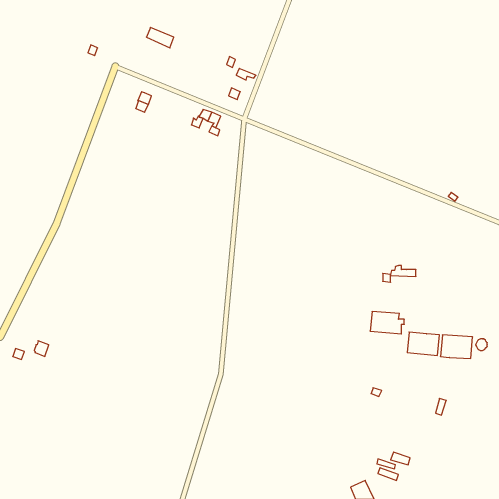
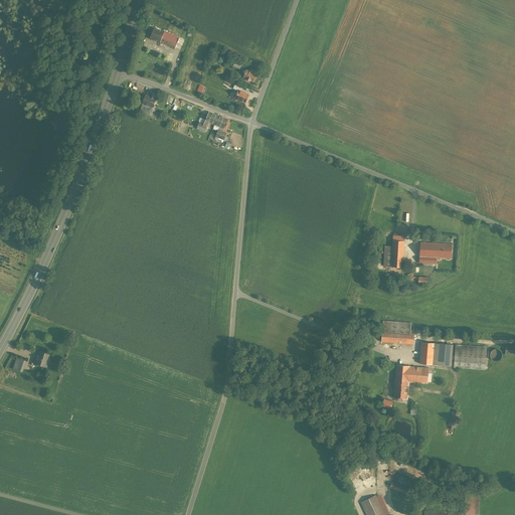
building: none -> [384,236,404,268]
building: none -> [419,242,452,259]
building: none -> [393,365,428,399]

